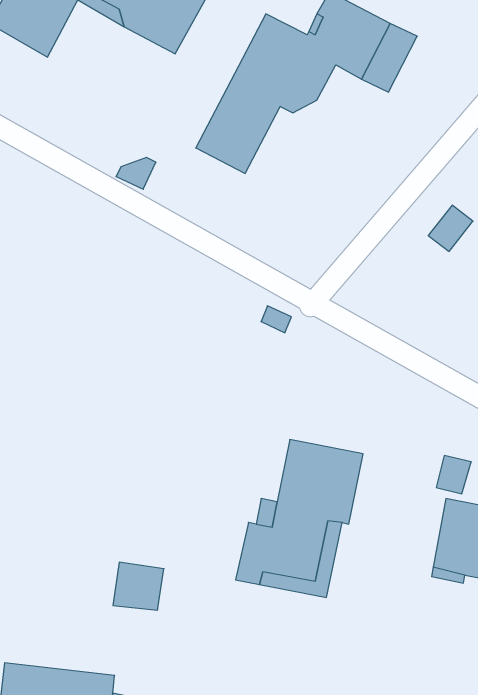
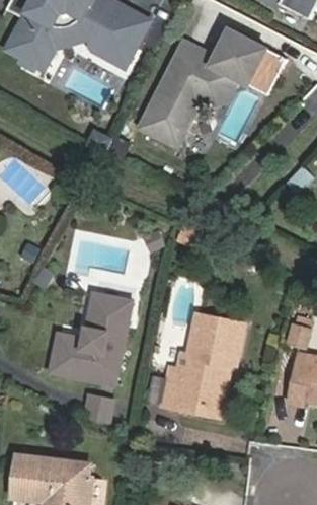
building: none -> [51,296,131,384]

